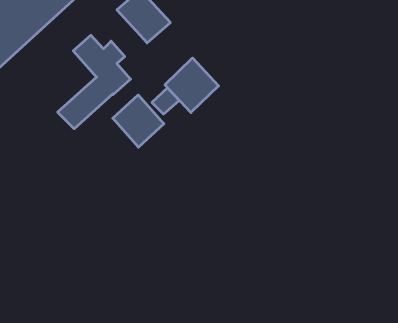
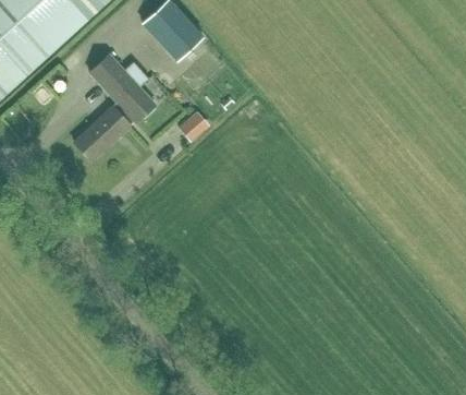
building: [165,58,219,113] -> none
building: [113,95,164,147] -> none

